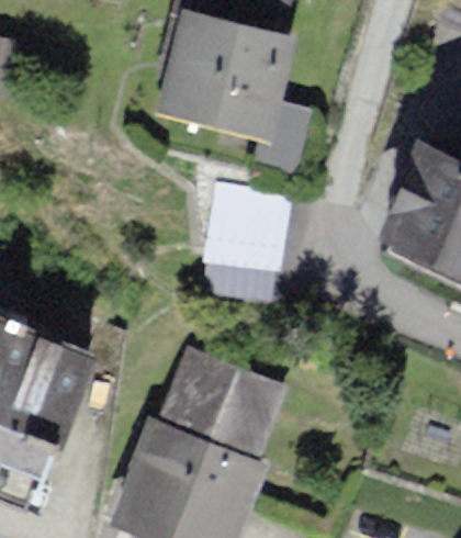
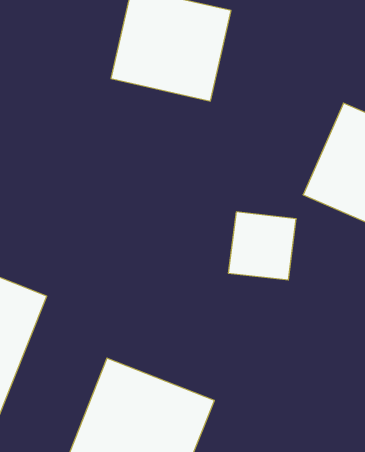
building: [207,192,283,268] -> [228,212,296,280]
building: [162,347,297,463] -> none

